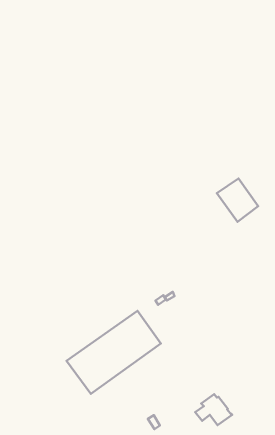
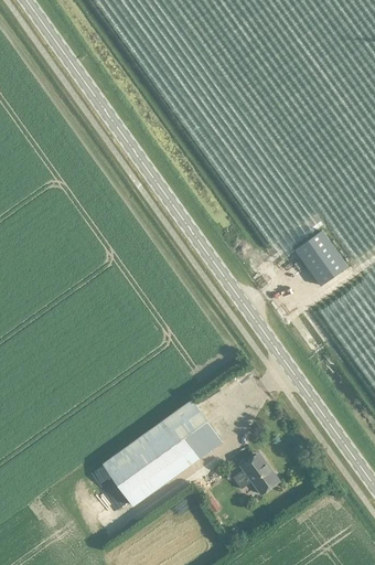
building: [195,394,232,425] -> [232,455,279,494]

